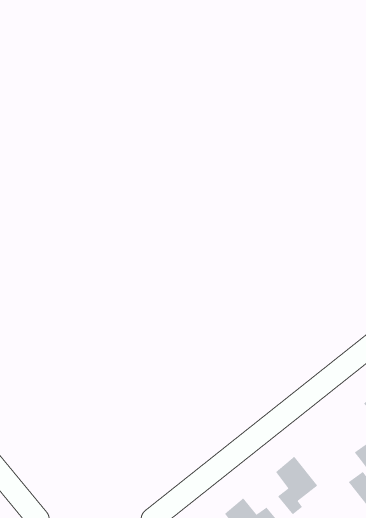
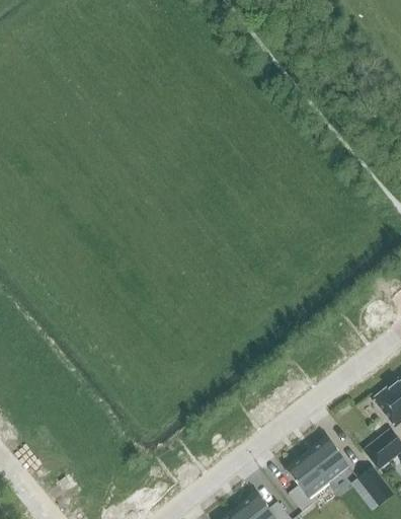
building: none -> [305,438,347,483]

